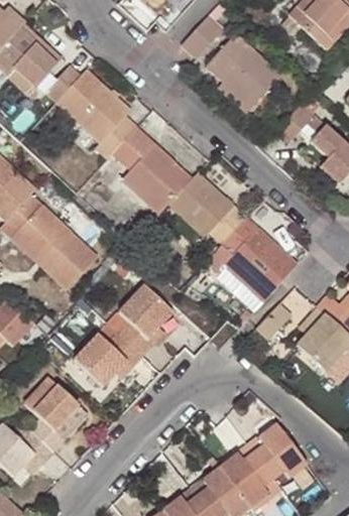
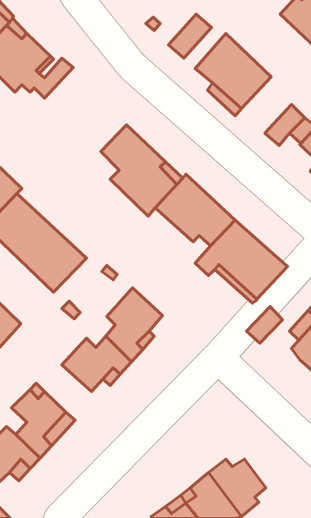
building: [57,69,138,156] -> none
building: [254,425,309,482] -> none

